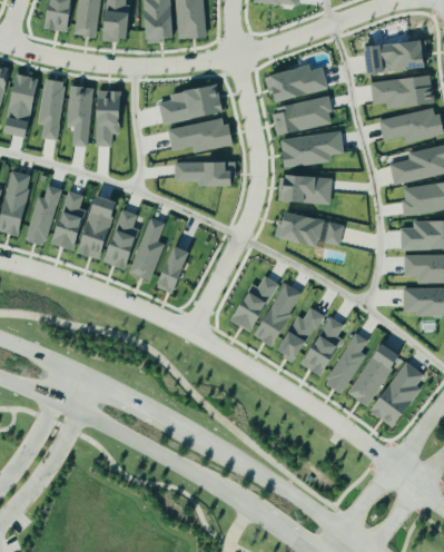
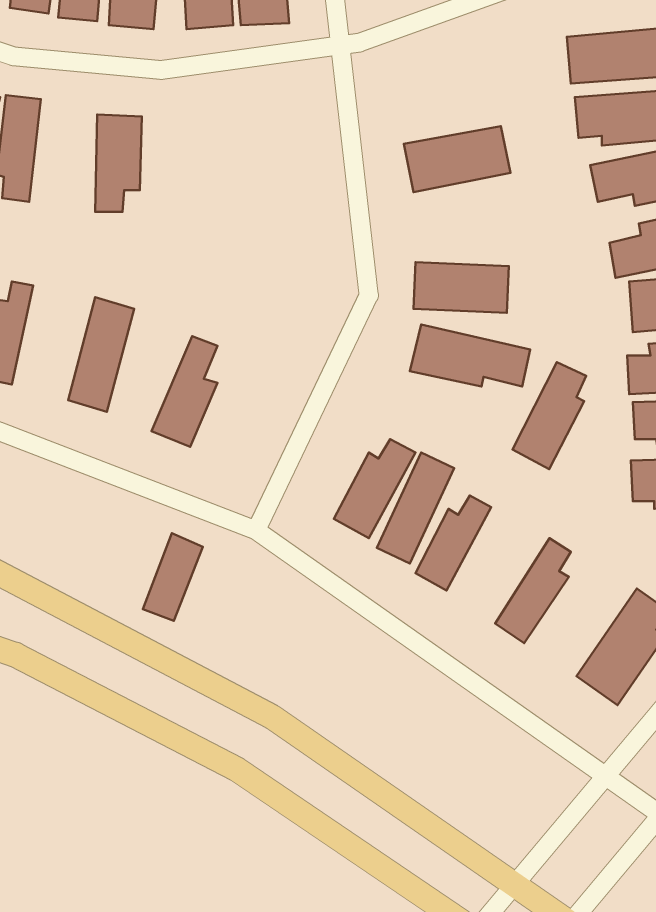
building: [264,65,327,101] -> none
building: [159,85,223,124] -> none
building: [65,86,93,147] -> none
building: [167,118,231,152] -> none
building: [280,131,343,167] -> none
building: [174,161,235,187] -> none
building: [52,190,85,250] -> none
building: [100,209,140,270] -> none
building: [157,245,191,295] -> [143,533,203,621]
building: [302,316,344,377] -> [512,362,586,469]
building: [347,348,397,406] -> none

